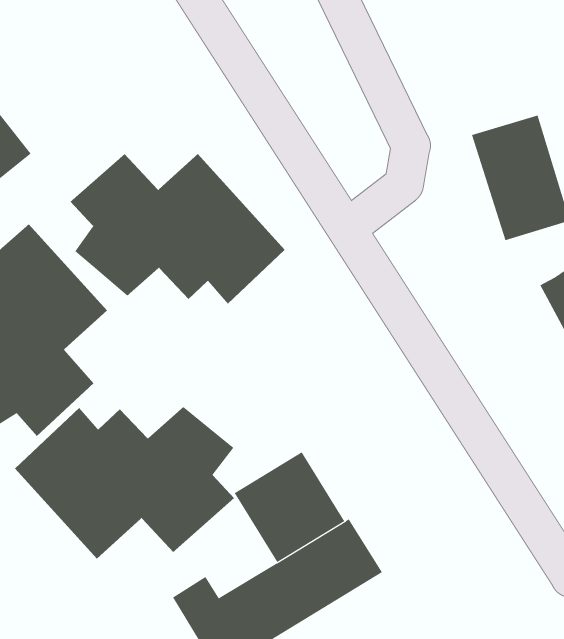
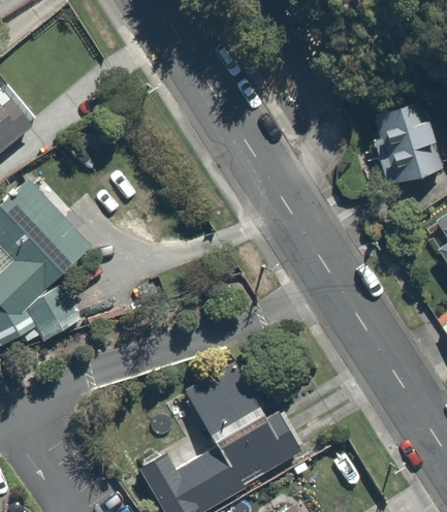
building: [70,153,286,304] -> none
building: [14,406,235,559] -> none

